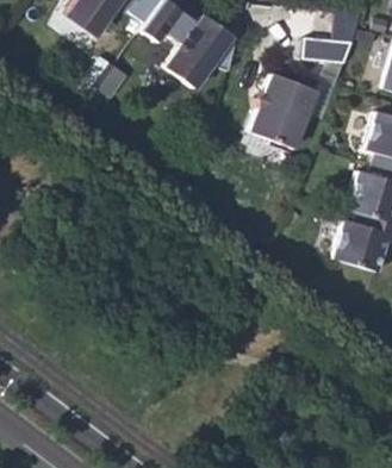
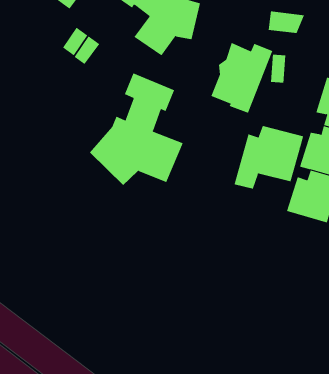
building: none -> [89,73,183,186]
building: none -> [234,125,304,189]

